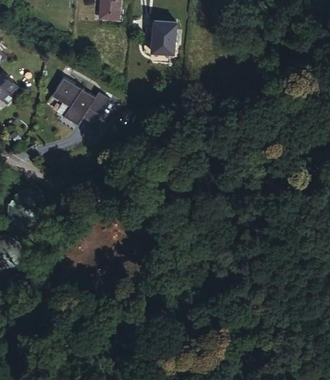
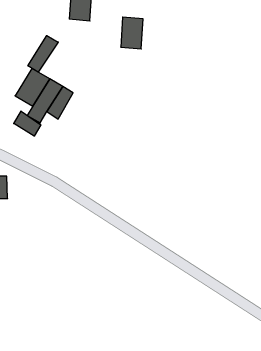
building: none -> [28,36,58,72]
building: none -> [14,111,41,136]

